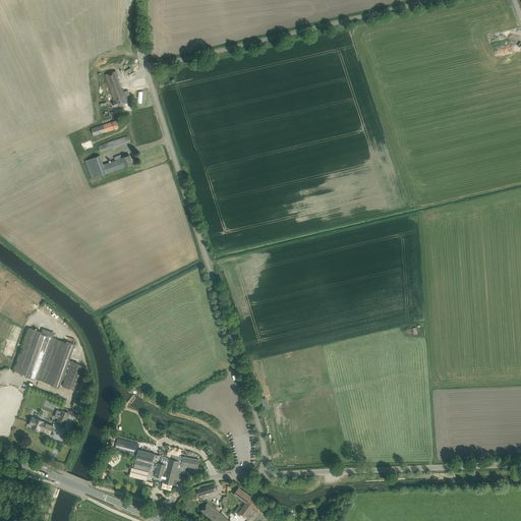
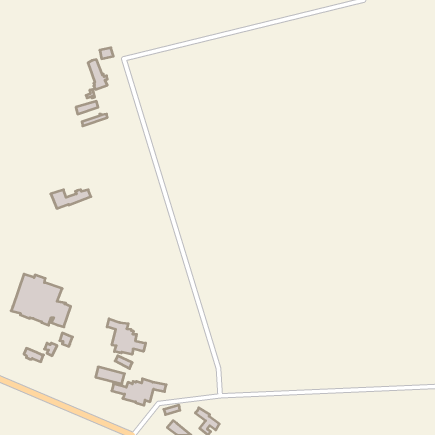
building: [83,156,131,178] -> [51,190,91,208]
building: none -> [107,319,146,354]

